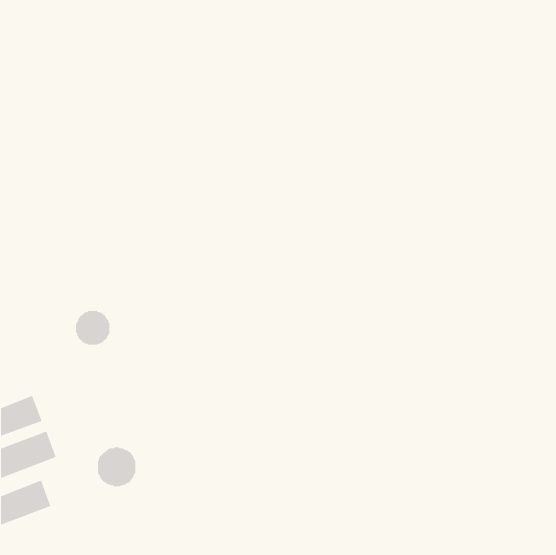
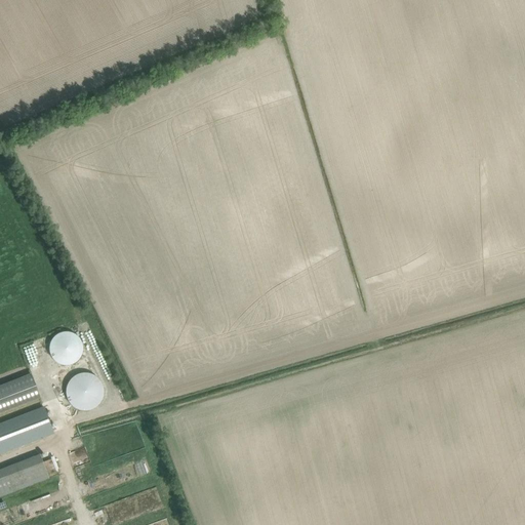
building: [75,310,110,345] -> [49,331,82,364]
building: [97,447,136,487] -> [66,371,103,409]

